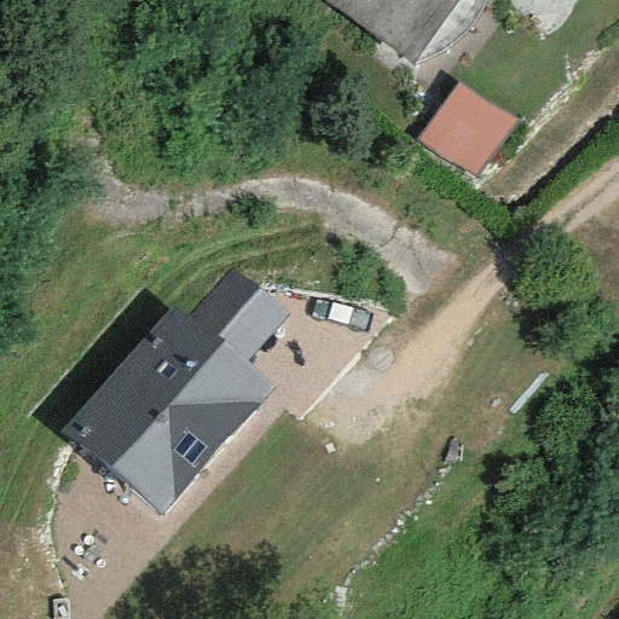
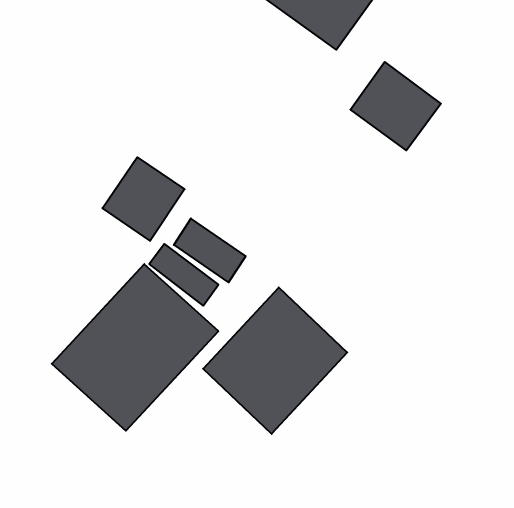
building: none -> [102,157,185,241]
building: none -> [203,287,347,434]

